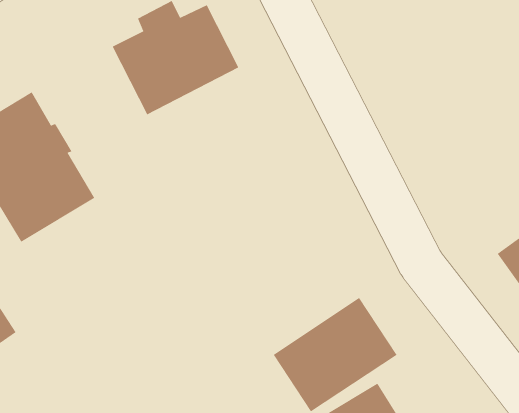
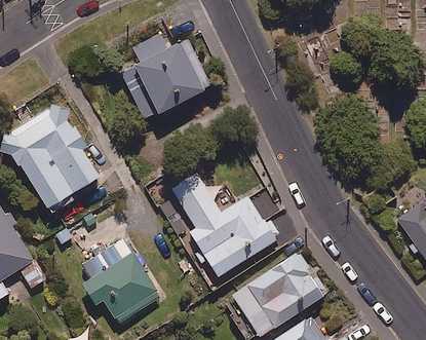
building: none -> [171,173,277,277]
building: none -> [73,238,159,323]

